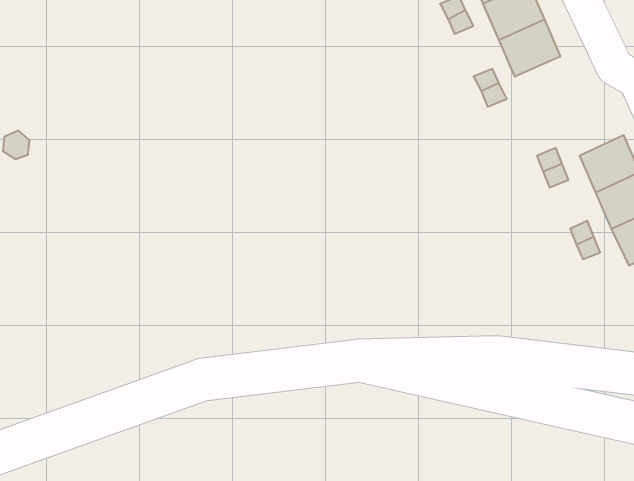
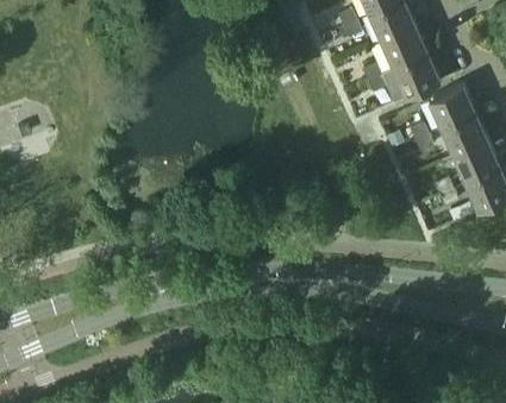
building: none -> [392,55,439,99]
building: none -> [427,86,474,130]

